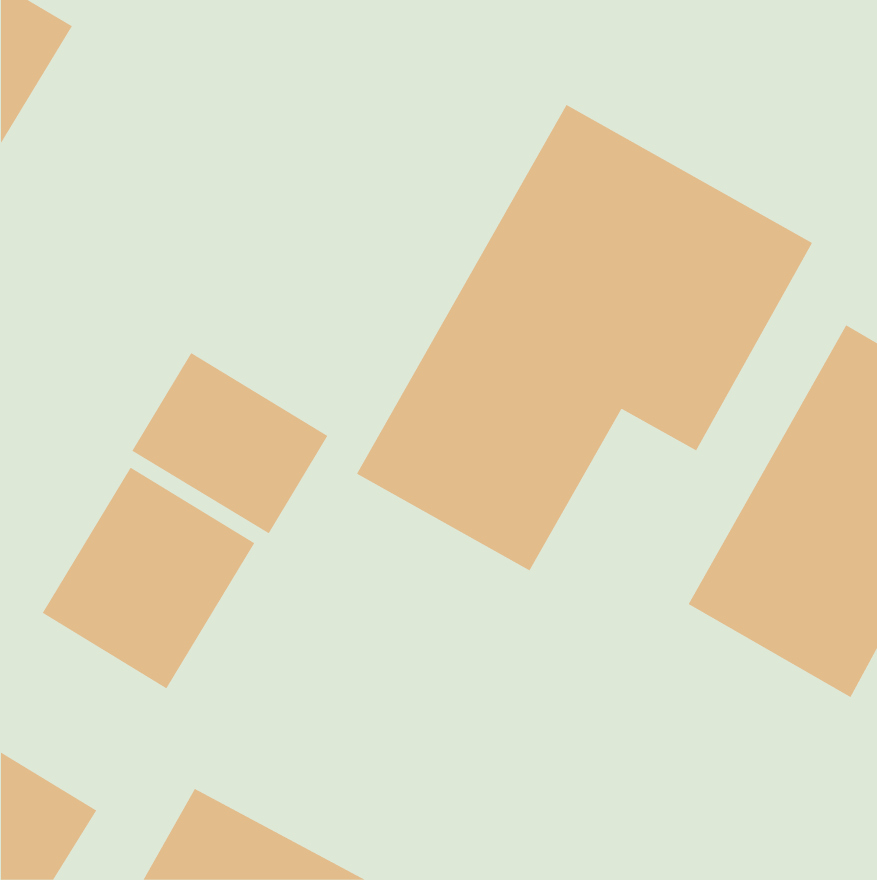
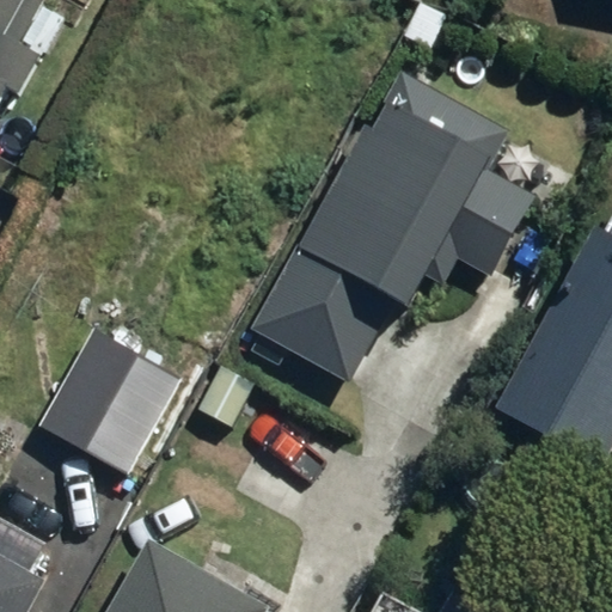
building: [131,352,328,534] -> none

